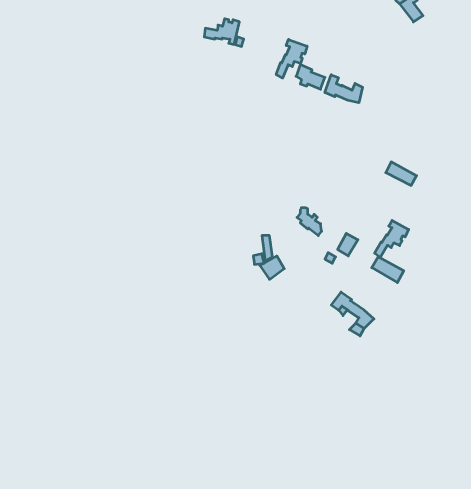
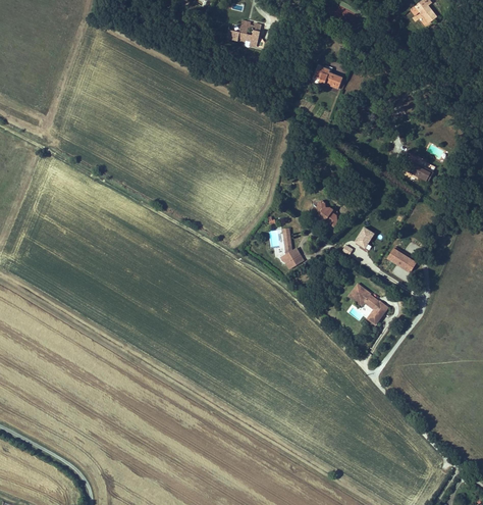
building: [276,39,307,78] -> none
building: [325,75,363,103] -> none
building: [375,220,409,258] -> none

